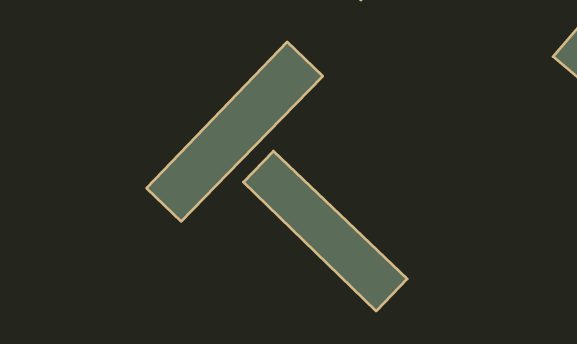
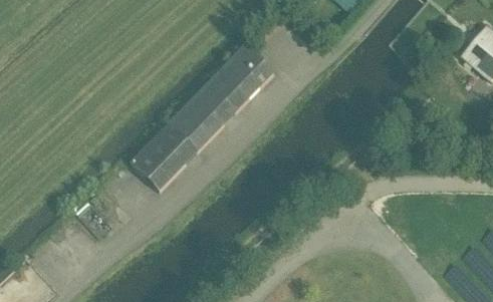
building: [243,151,407,311] -> none

